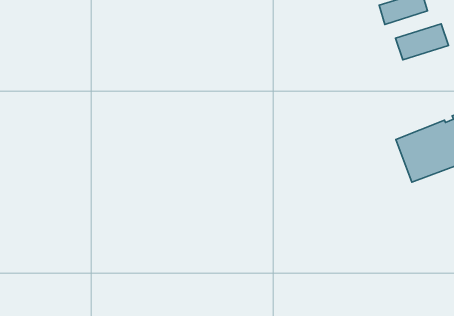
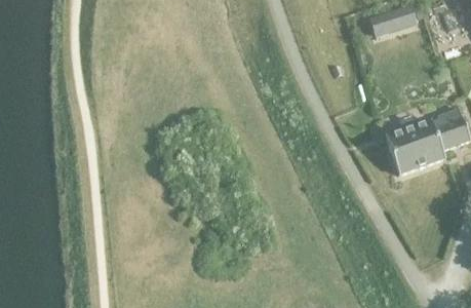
building: [396,24,449,60] -> none

